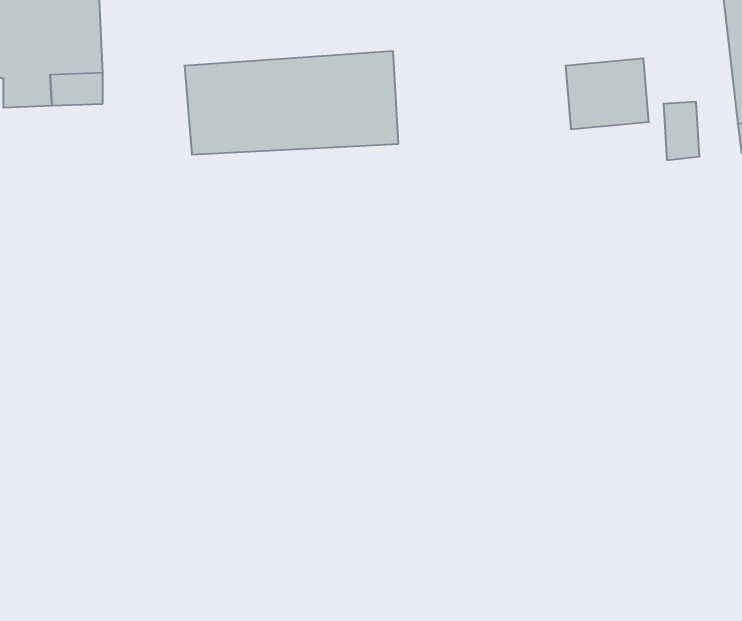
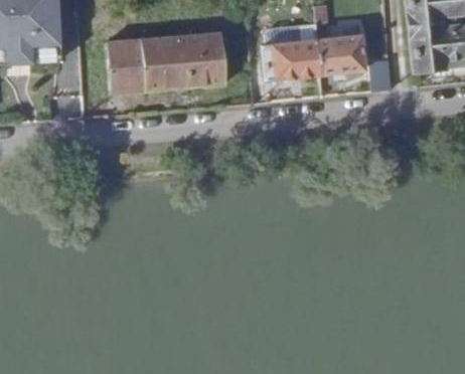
building: none -> [265,24,321,79]

